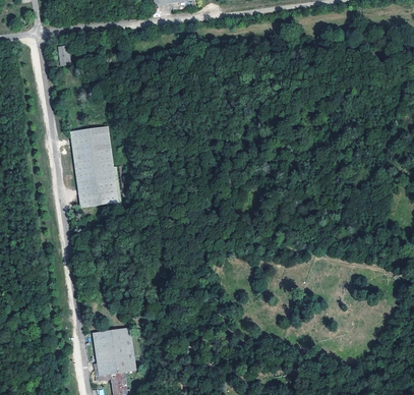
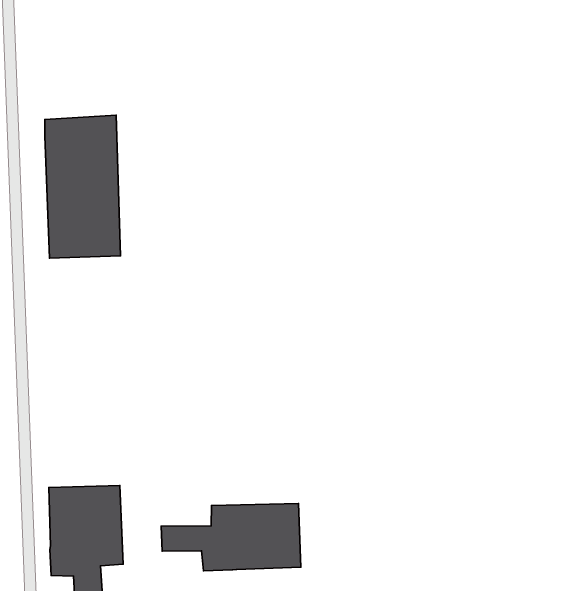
building: none -> [161,503,301,571]

